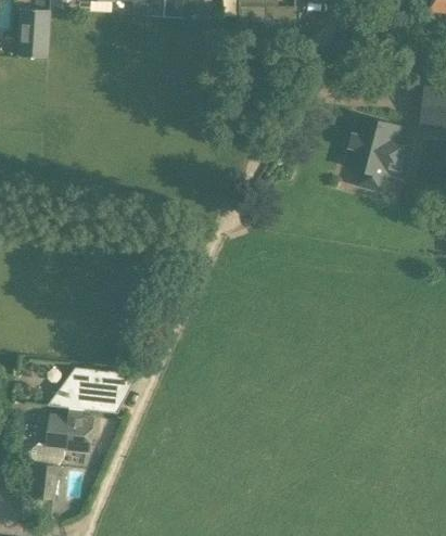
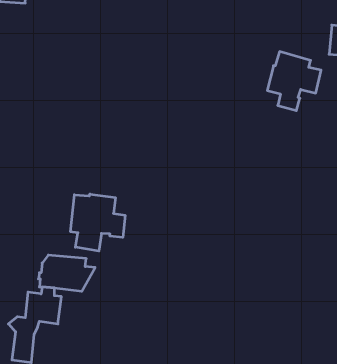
building: none -> [71,194,125,251]

